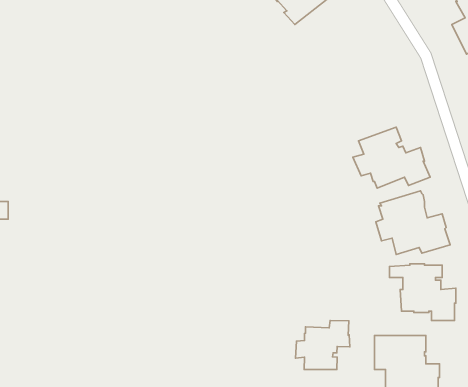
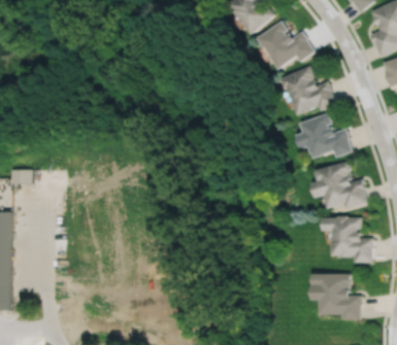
building: none -> [256,22,316,70]
building: none -> [279,67,337,116]
building: [296,320,350,369] -> none

